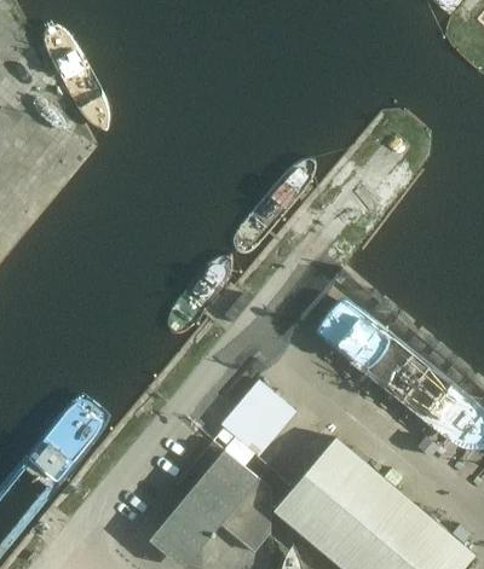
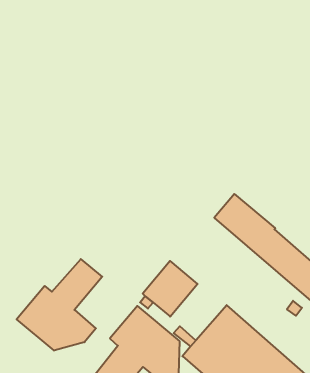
building: none -> [17,259,102,351]

